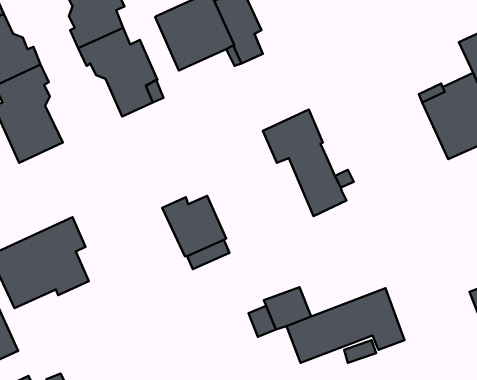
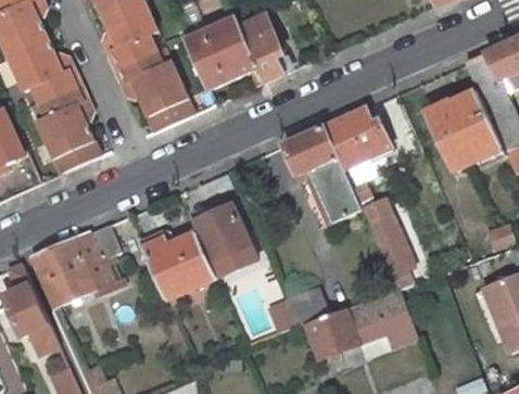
building: none -> [327,107,392,168]
building: none -> [362,196,415,289]
building: none -> [139,230,217,300]

